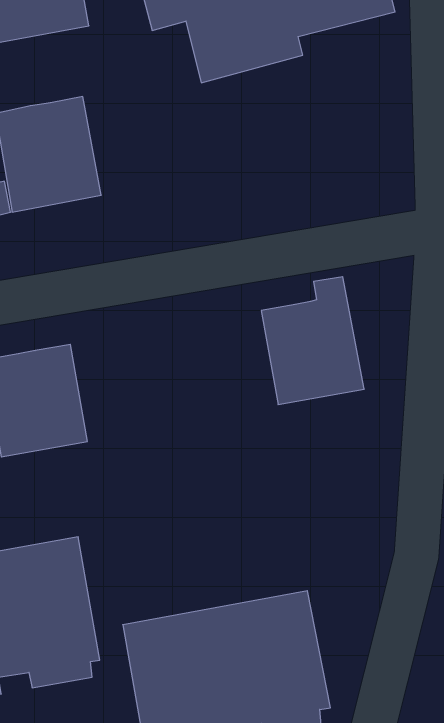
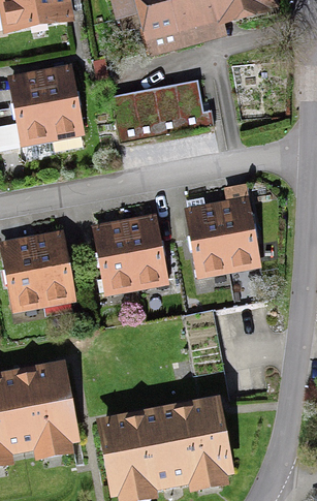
building: none -> [110,79,215,143]
building: none -> [97,215,165,289]

